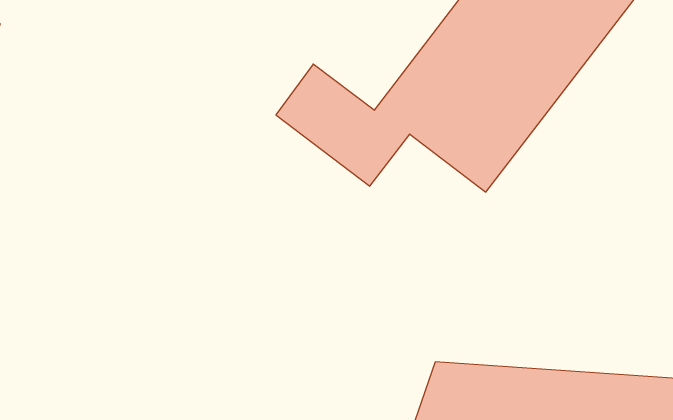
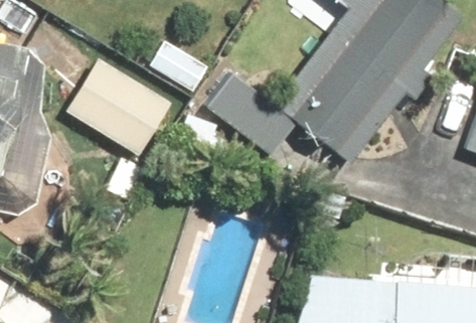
building: none -> [61,54,172,155]

